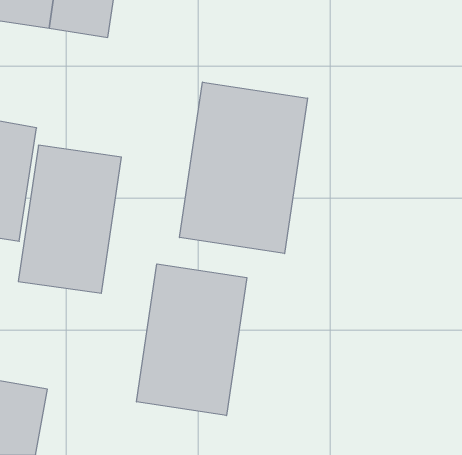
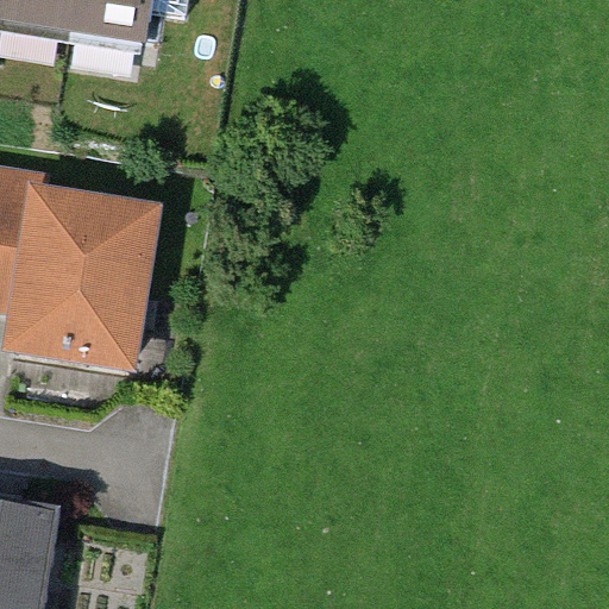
building: [180,82,308,254] -> none
building: [137,264,247,416] -> none

